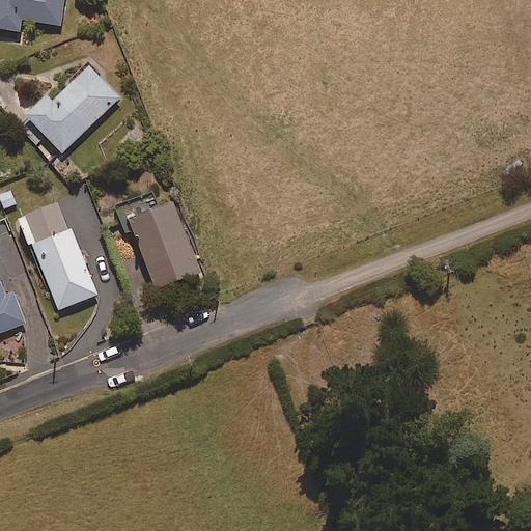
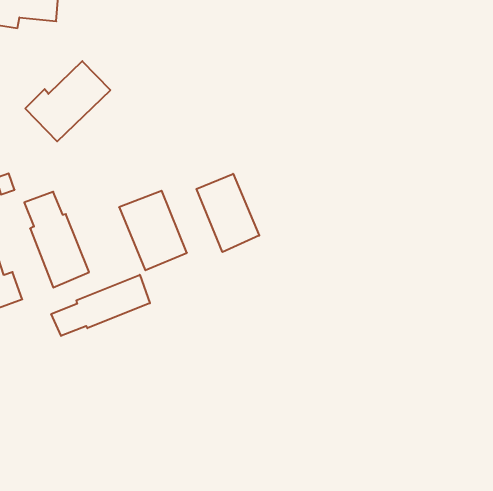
building: none -> [196,174,259,252]
building: none -> [51,275,150,336]

